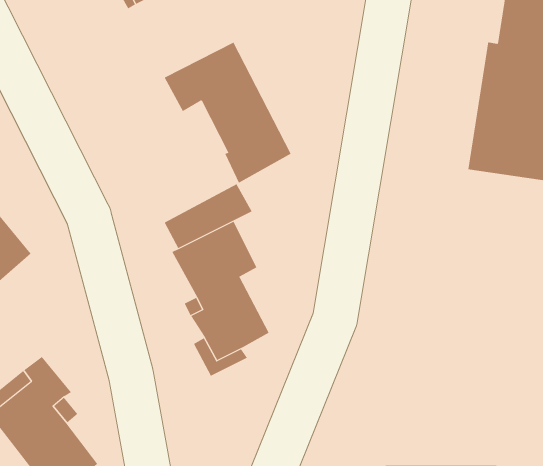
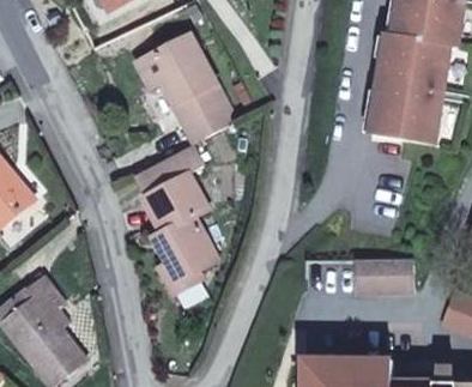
building: none -> [353,256,413,291]

